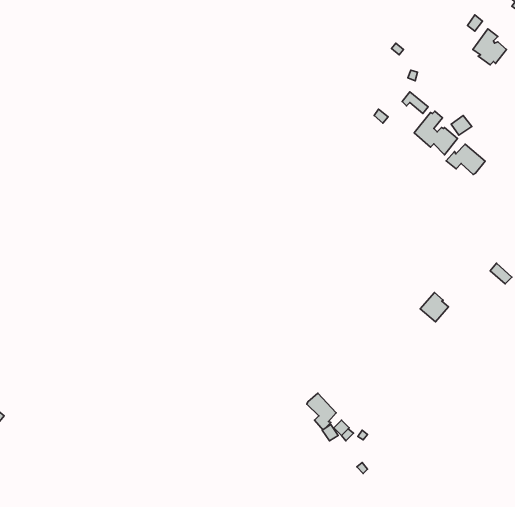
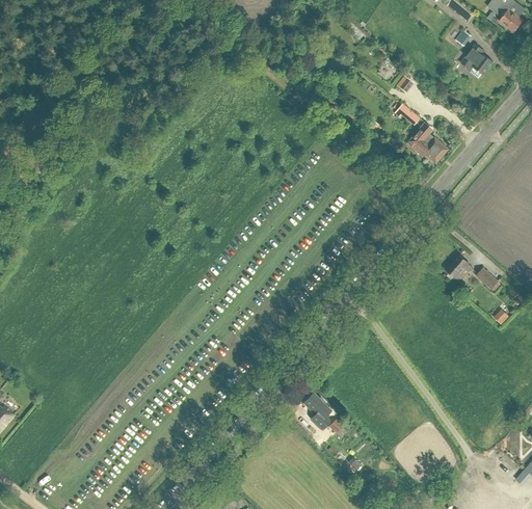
building: [446,144,485,175] -> none
building: [420,293,449,322] -> [446,252,473,280]

